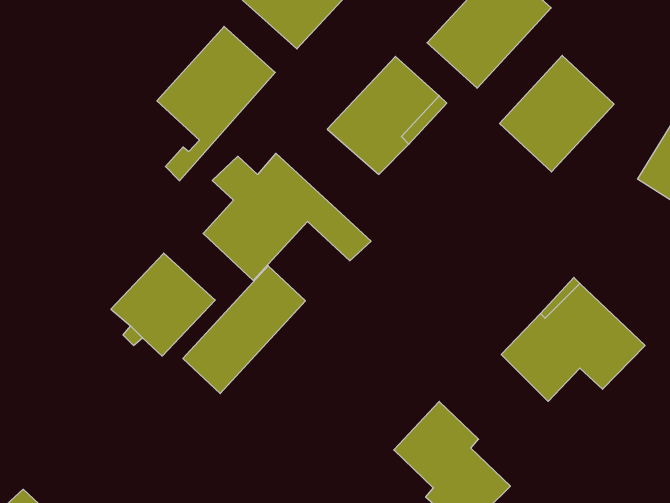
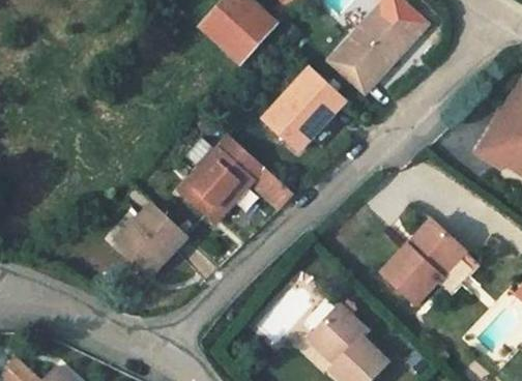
building: [157,26,275,181] -> none
building: [500,55,614,172] -> none
building: [183,266,305,394] -> none

